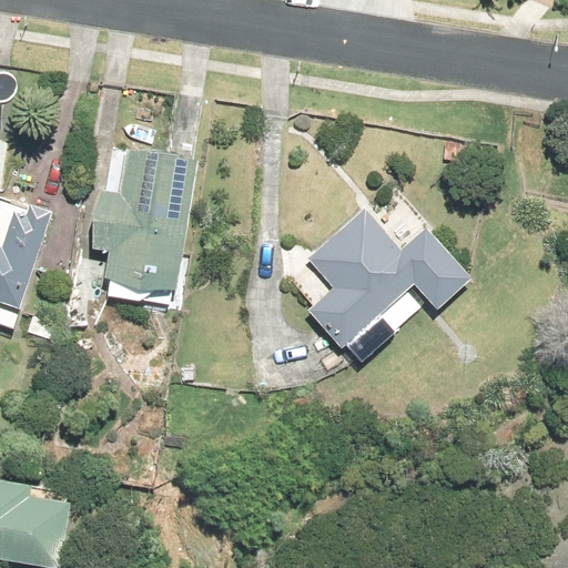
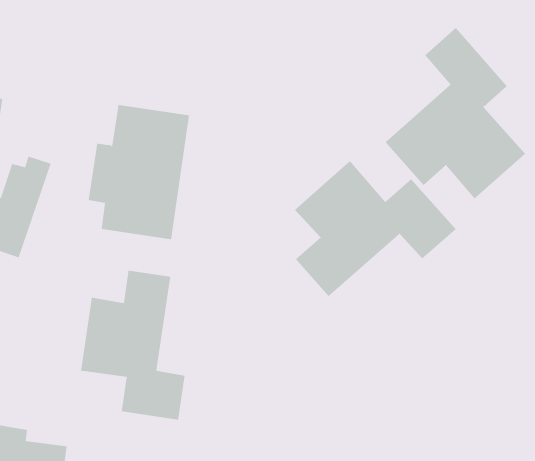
building: none -> [385,27,526,199]
building: none -> [80,270,185,421]

